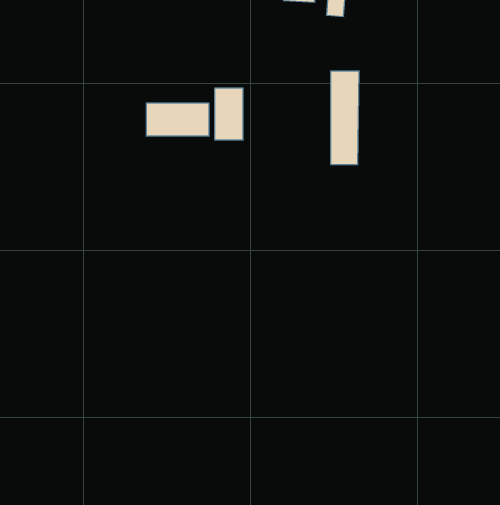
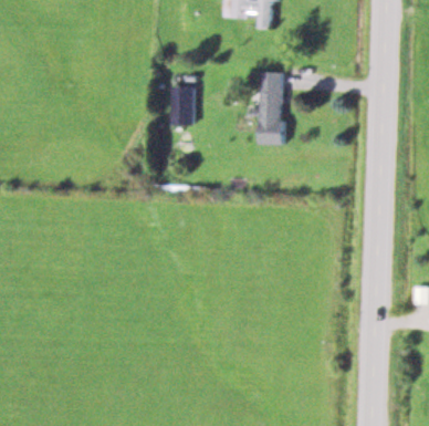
building: [146,103,209,136] -> none

